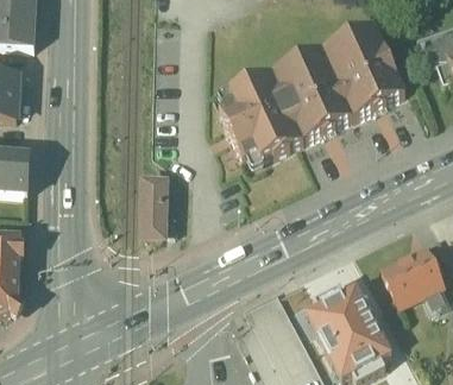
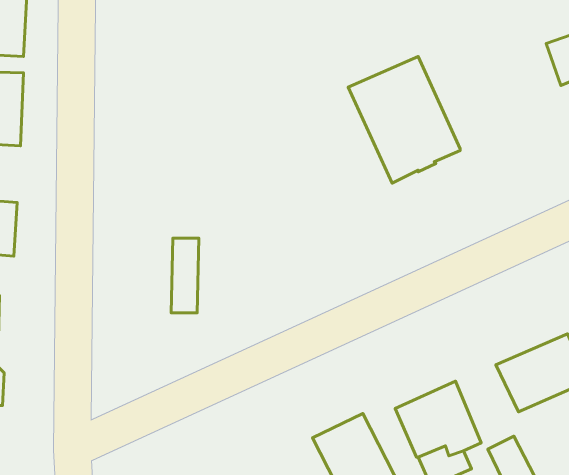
building: [323,25,405,119] -> none
building: [219,71,304,160] -> none

